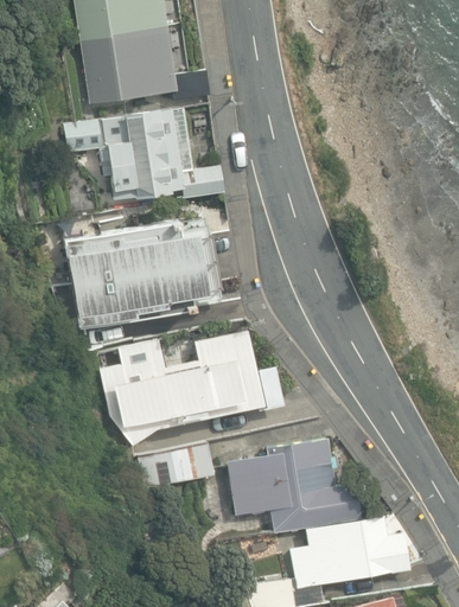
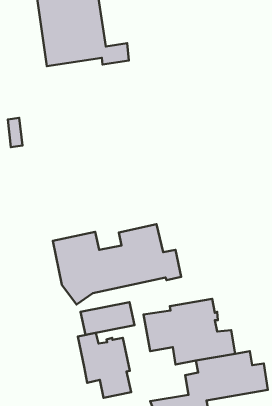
building: [65,109,224,200] -> none
building: [63,218,218,330] -> none
building: none -> [78,333,131,398]

